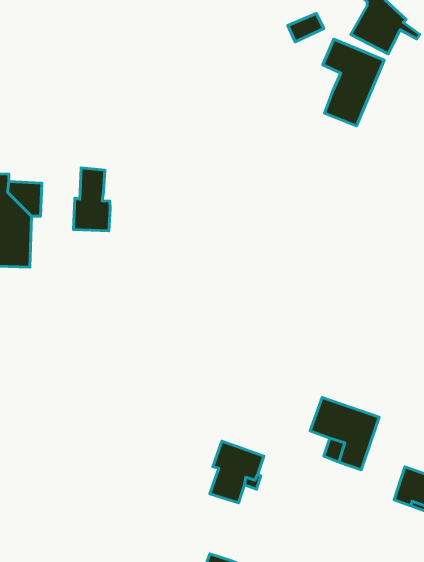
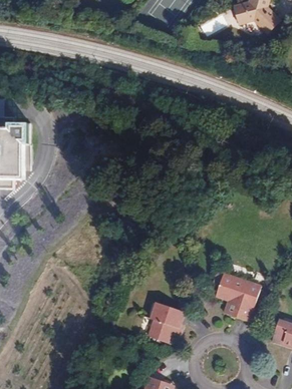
building: [323,39,384,126] -> none
building: [73,168,110,231] -> none

